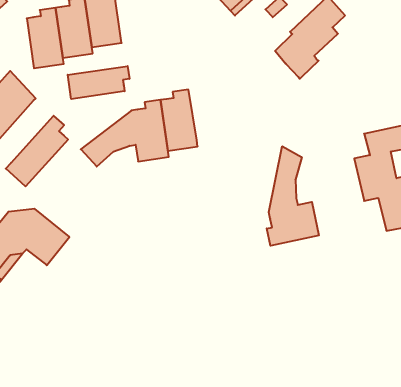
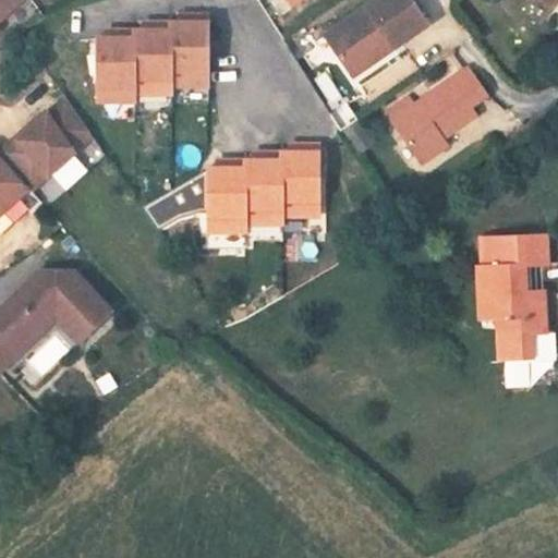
building: [68,66,129,99] -> none
building: none -> [282,147,319,218]
building: [6,116,68,186] -> none
building: [267,146,319,246] -> none

